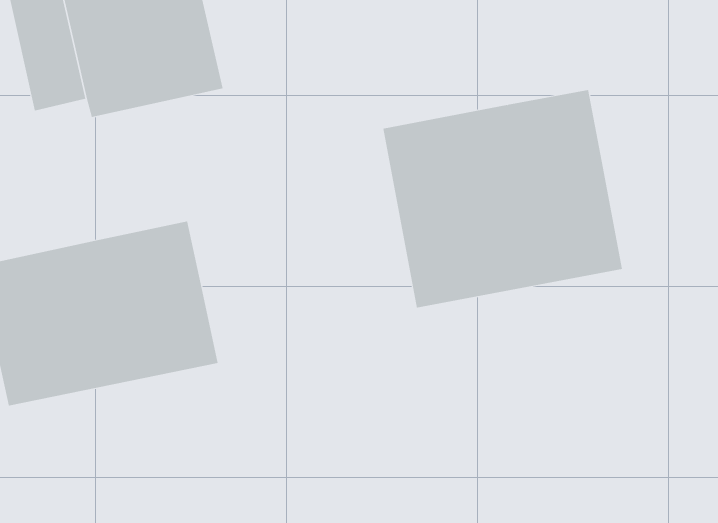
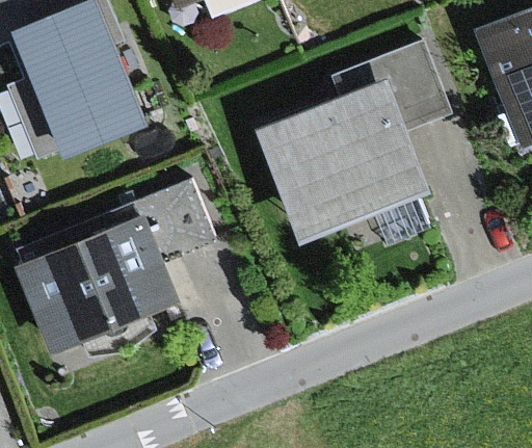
building: none -> [328,39,449,130]
building: none -> [80,176,215,261]

